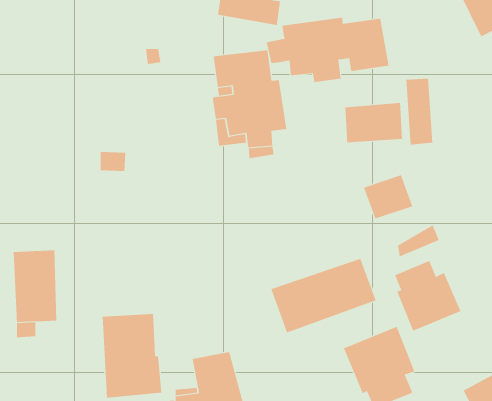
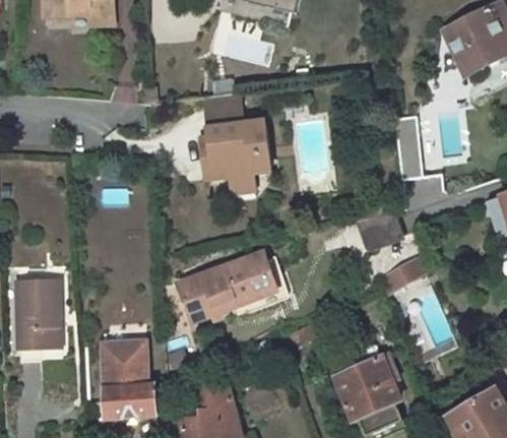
building: [266,17,389,83] -> none
building: [345,102,403,143] -> none
building: [271,258,377,333] -> [178,252,279,324]
building: [395,260,461,331] -> none

